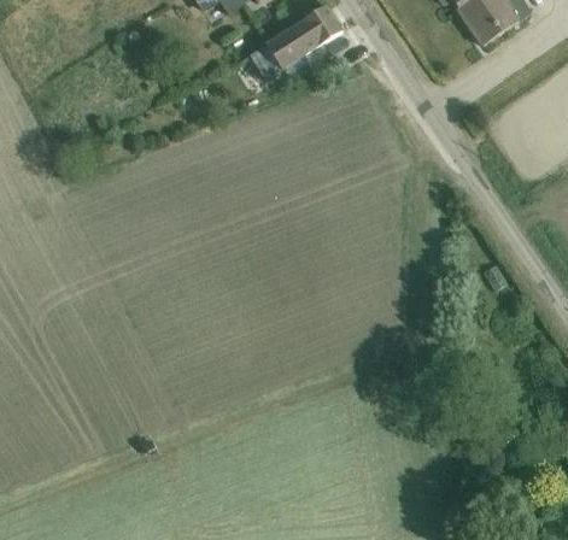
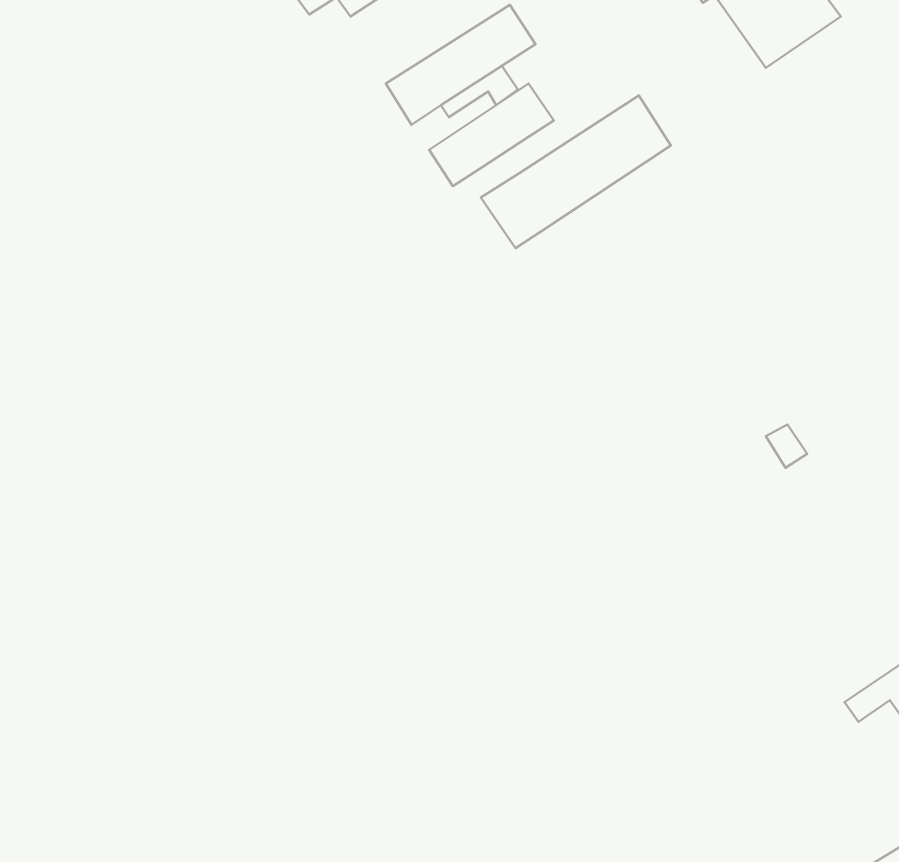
building: none -> [429,84,554,186]
building: none -> [481,96,671,248]

